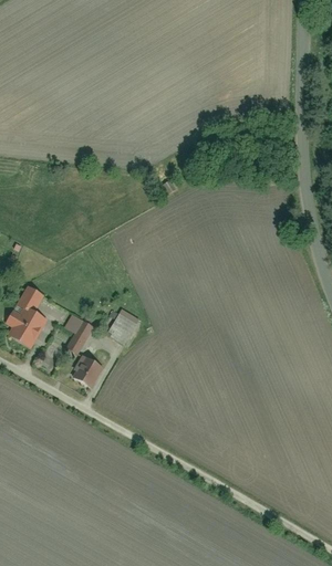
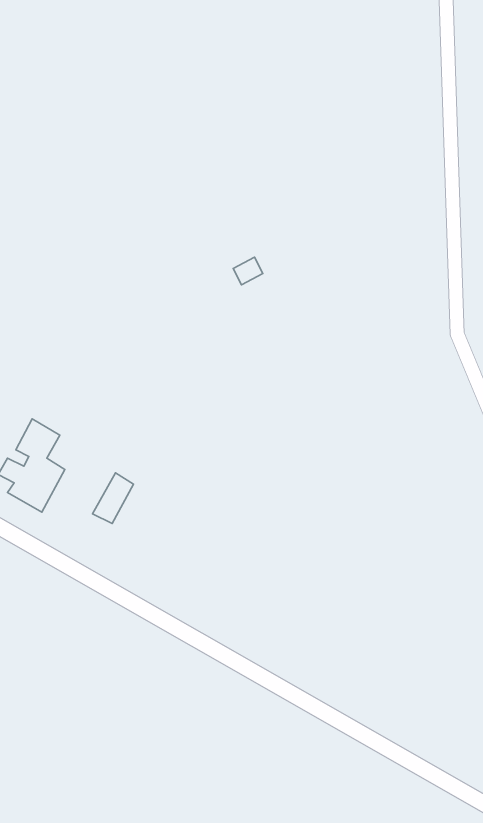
building: [105,311,137,345] -> none
building: [73,353,105,385] -> none

